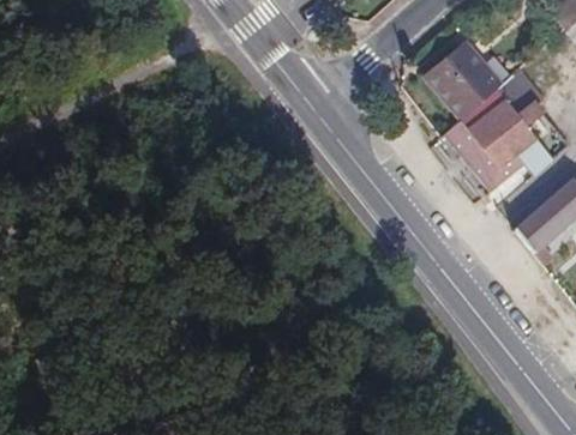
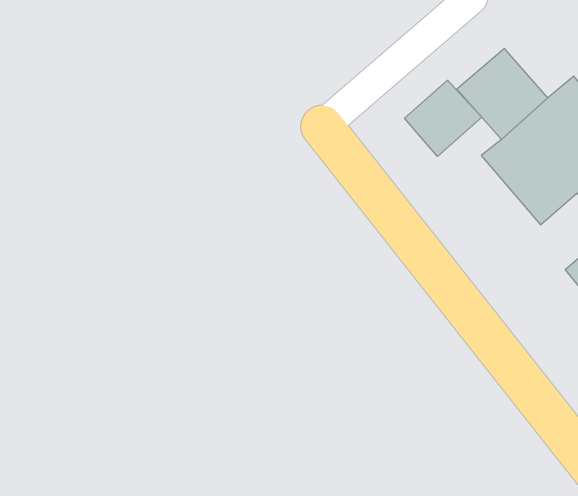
building: none -> [405,80,482,156]

